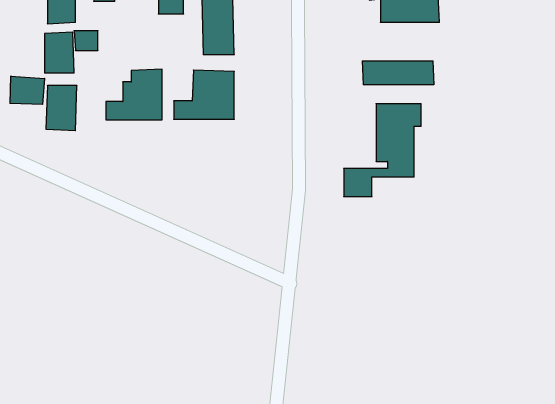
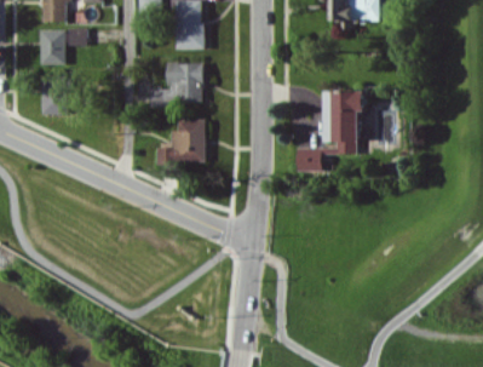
building: [362,61,434,85] -> none
building: [106,69,162,120] -> [157,119,206,162]
building: [10,76,45,104] -> none

